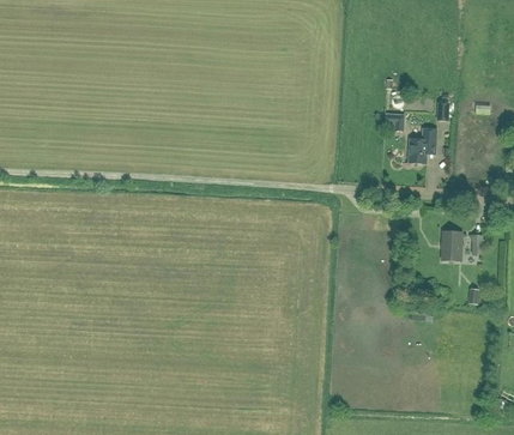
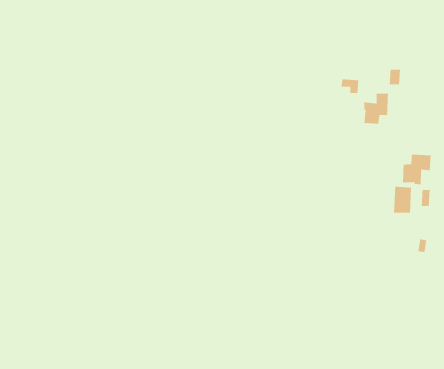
building: none -> [402,154,432,185]

